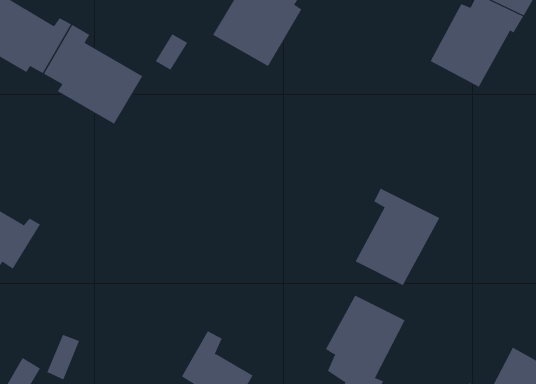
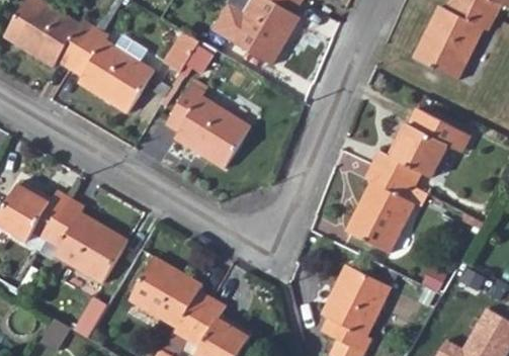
building: none -> [169,82,256,167]
building: none -> [367,110,466,194]
building: none -> [45,200,132,288]
building: none -> [138,253,216,334]

